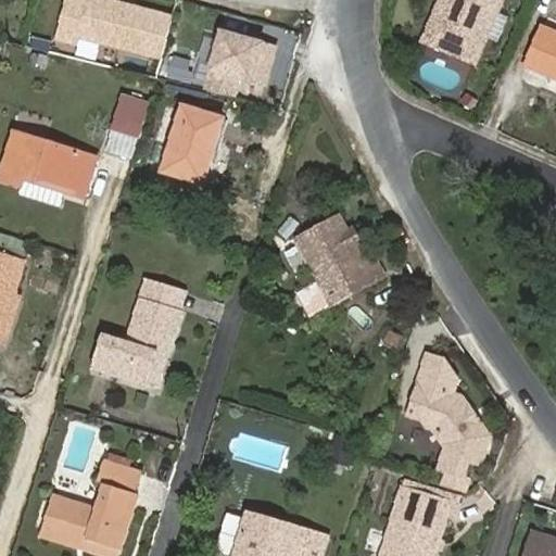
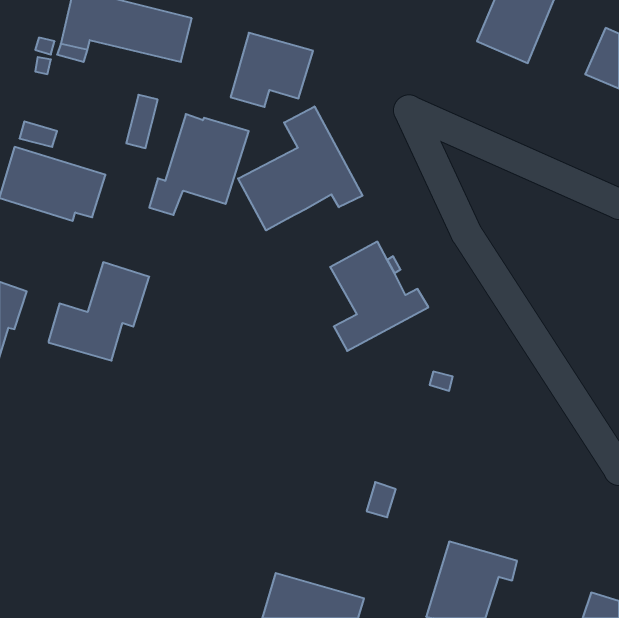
building: none -> [238,106,363,230]
building: [91,293,181,381] -> [49,262,149,361]
building: [412,355,488,472] -> none
building: [41,459,142,548] -> none

